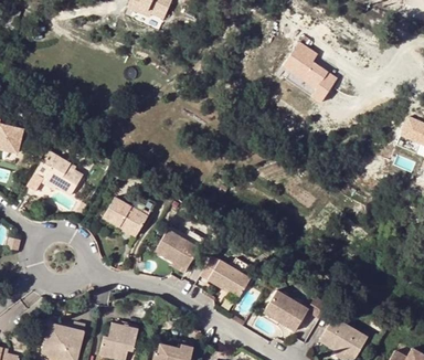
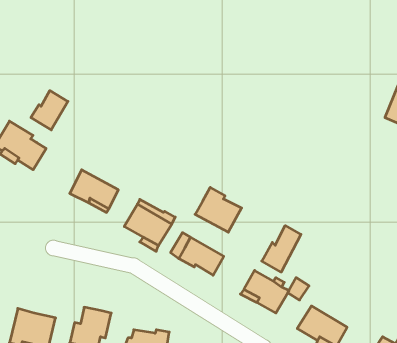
building: [284,42,338,103] -> none
building: none -> [31,91,68,130]
building: none -> [195,187,242,232]
building: none -> [262,226,301,272]

